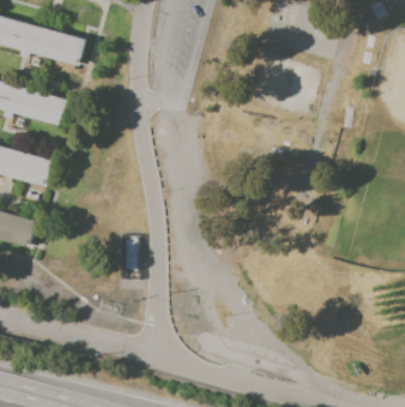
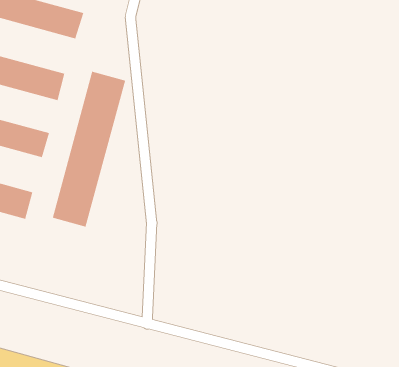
building: none -> [52,71,126,228]

